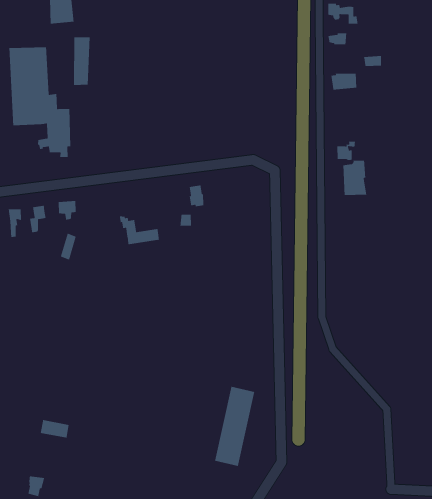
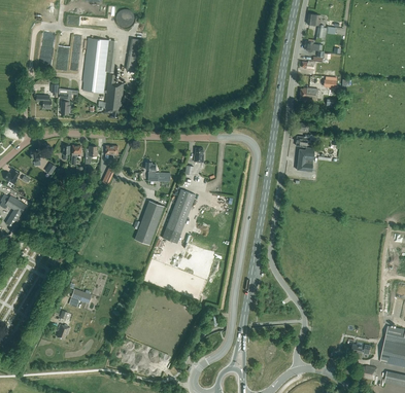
building: none -> [134,201,163,246]
building: [214,386,255,467] -> [161,189,195,244]

